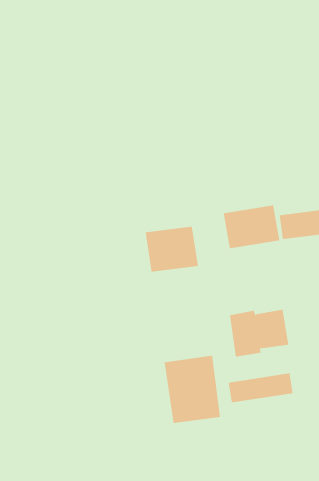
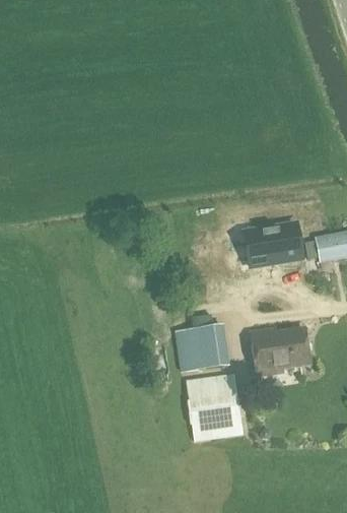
building: [145,226,199,272] -> [175,325,228,371]
building: [228,373,293,403] -> none

